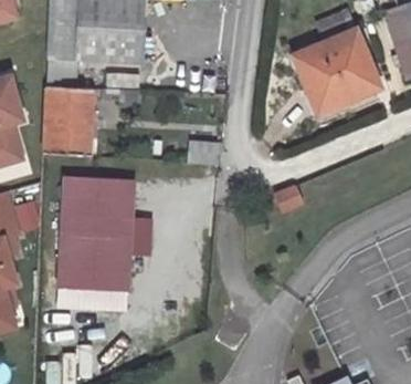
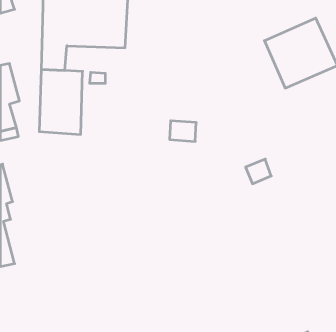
building: [60,173,151,303] -> none

